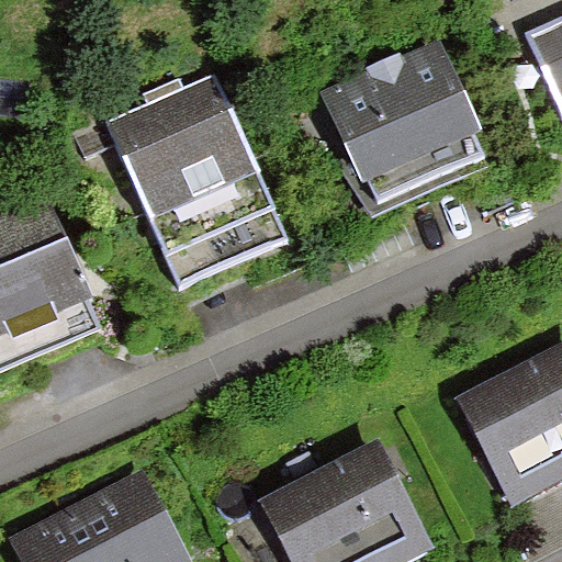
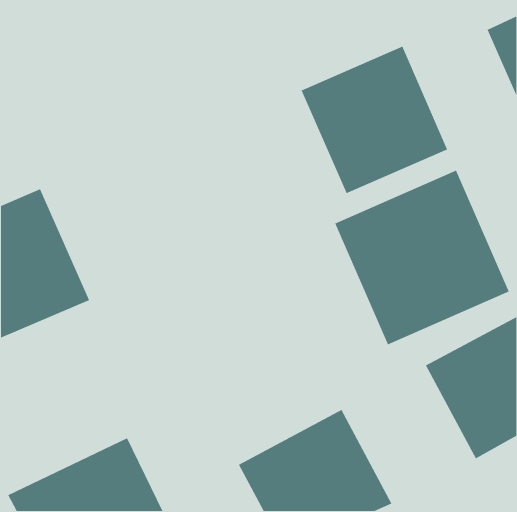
building: [116,78,282,278] -> none
building: none -> [334,170,510,346]

